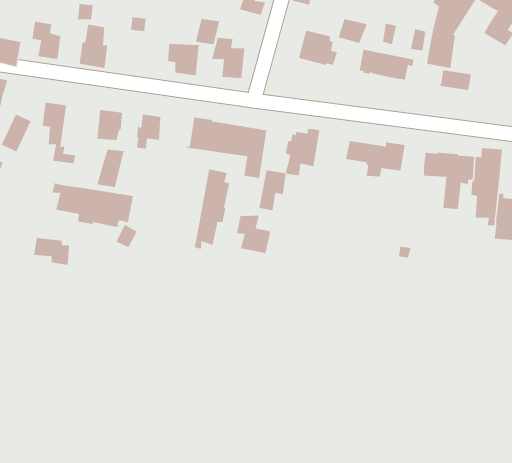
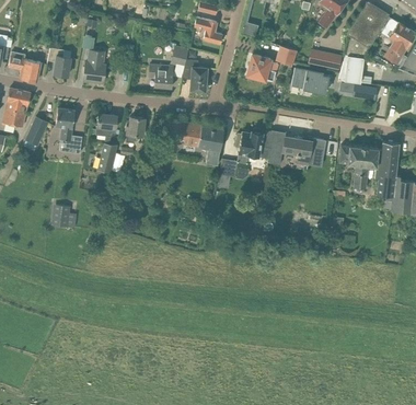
building: none -> [258,129,286,165]
building: [194,168,230,250] -> none
building: [52,182,133,228] -> none
building: [236,215,271,254] -> none

